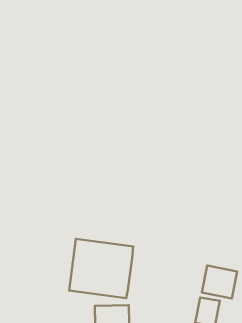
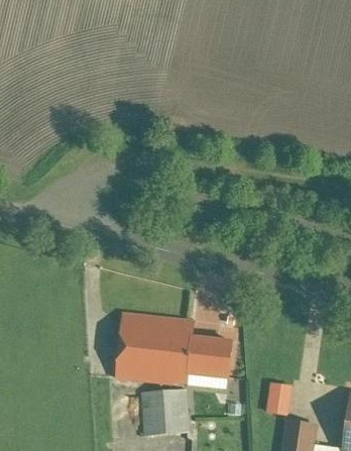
building: none -> [186,336,232,378]
building: [202,265,237,298] -> none

